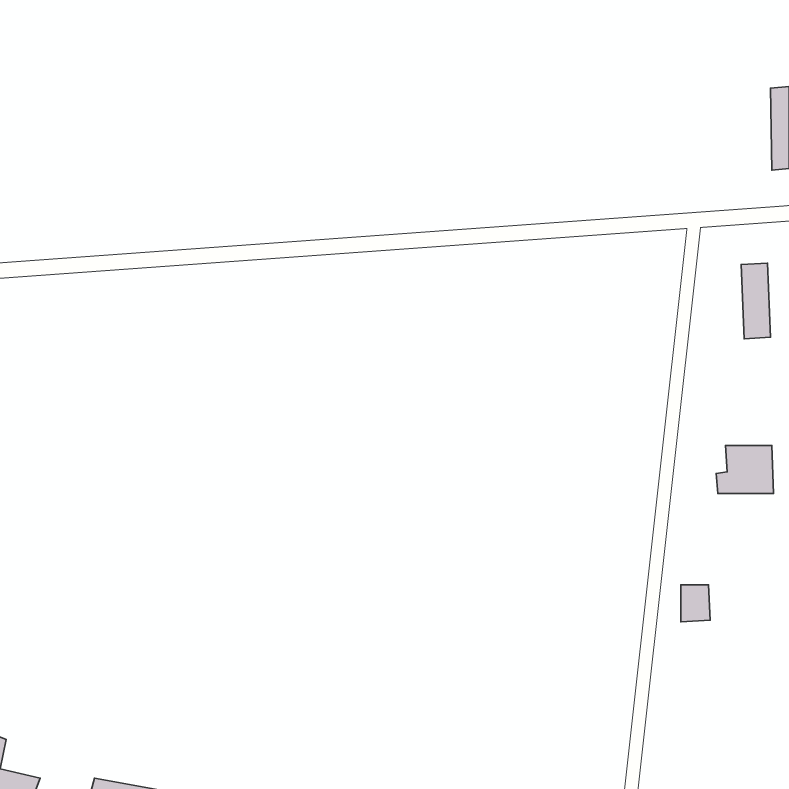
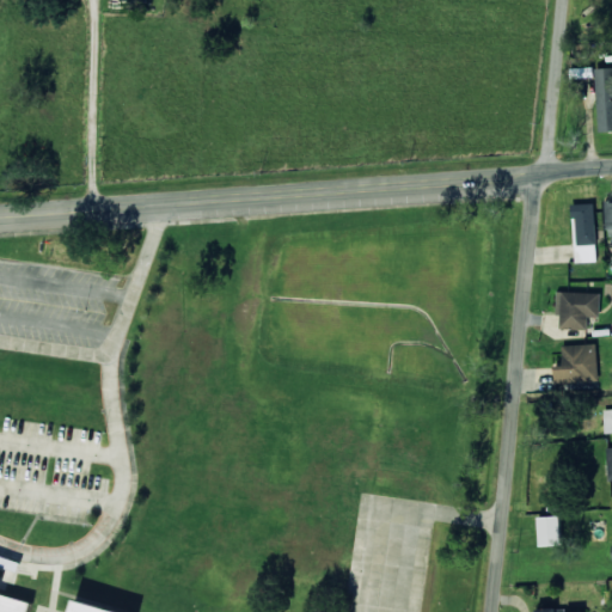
building: none -> [556,293,600,330]
building: [681,585,710,622] -> [538,518,561,546]

